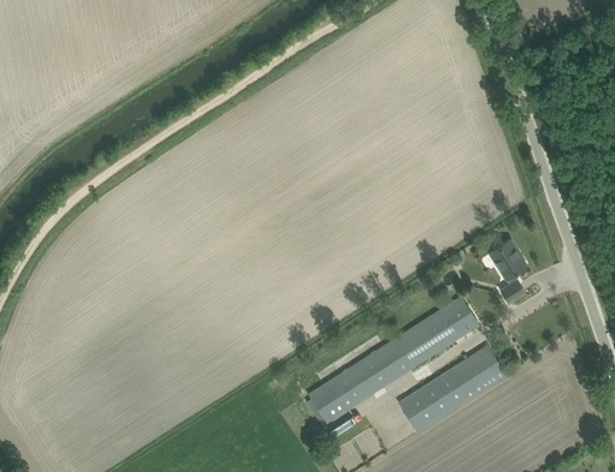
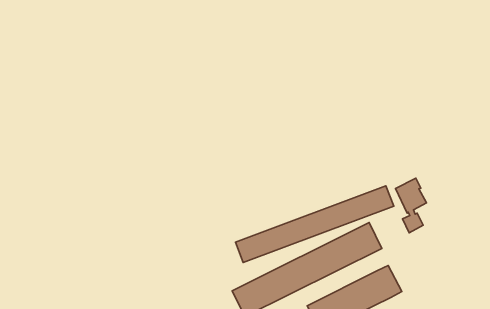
building: none -> [235,186,394,262]

